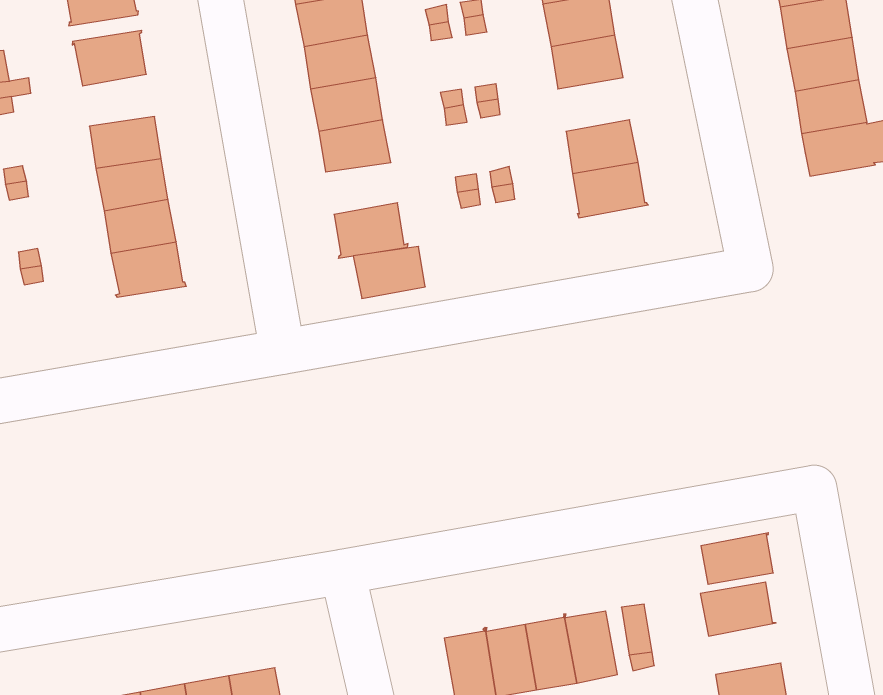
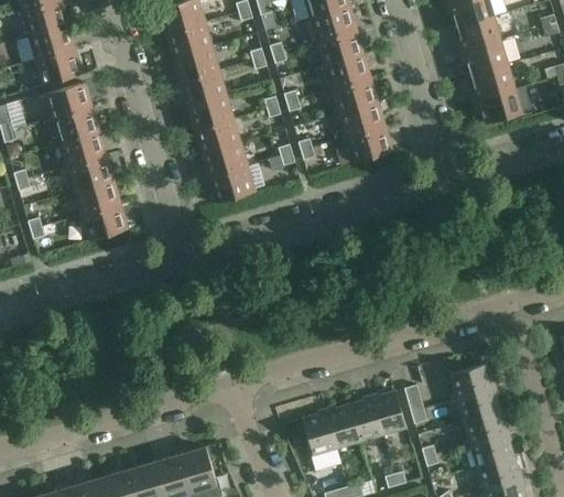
building: none -> [55,108,99,142]
building: none -> [333,78,377,114]
building: [353,246,425,298] -> [203,143,247,177]
building: [701,533,773,584] -> [457,387,501,421]

